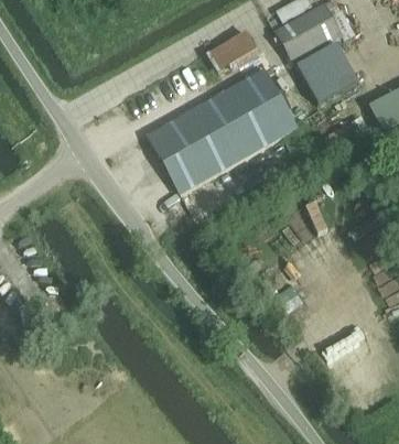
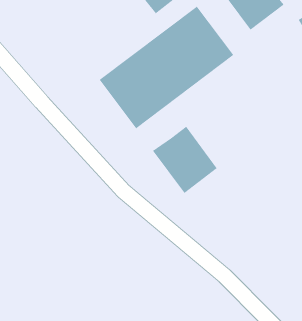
building: none -> [152,126,217,194]

